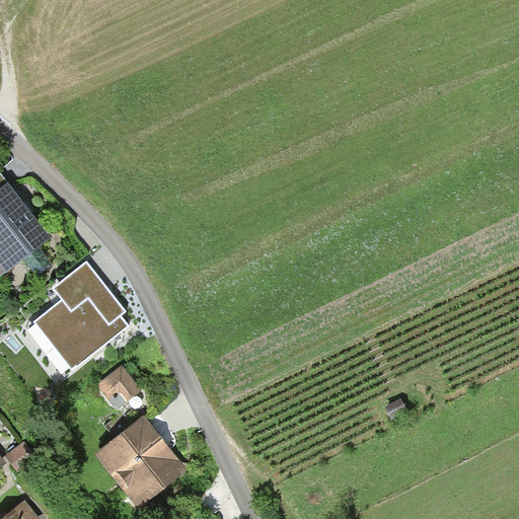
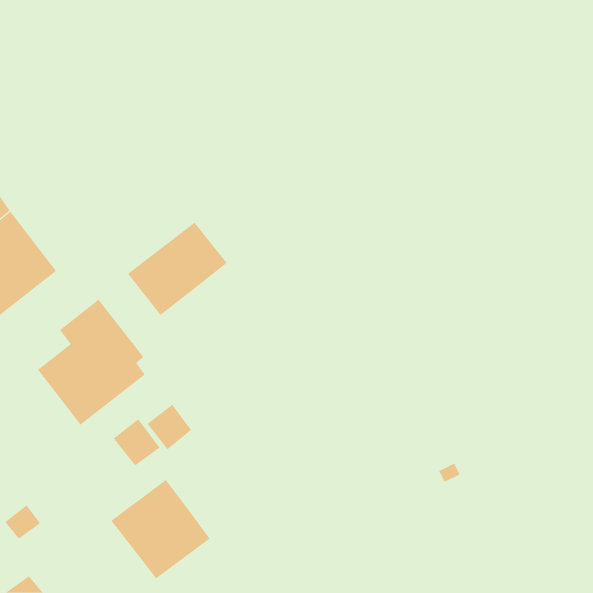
building: none -> [127,222,227,316]
building: none -> [147,404,192,450]

